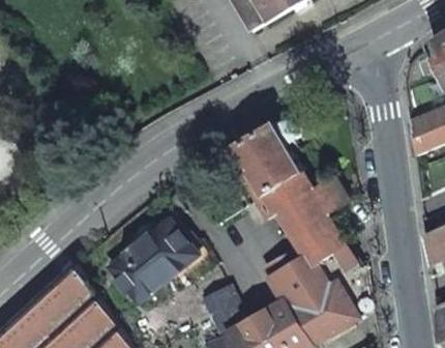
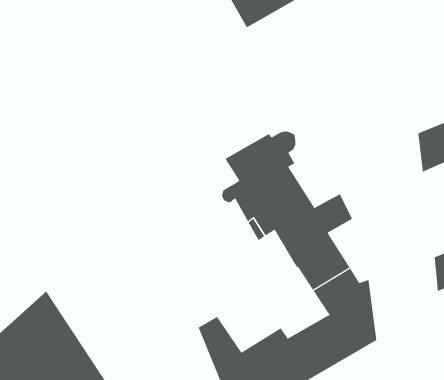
building: [109,219,196,301] -> none
building: [262,244,326,308] -> none

